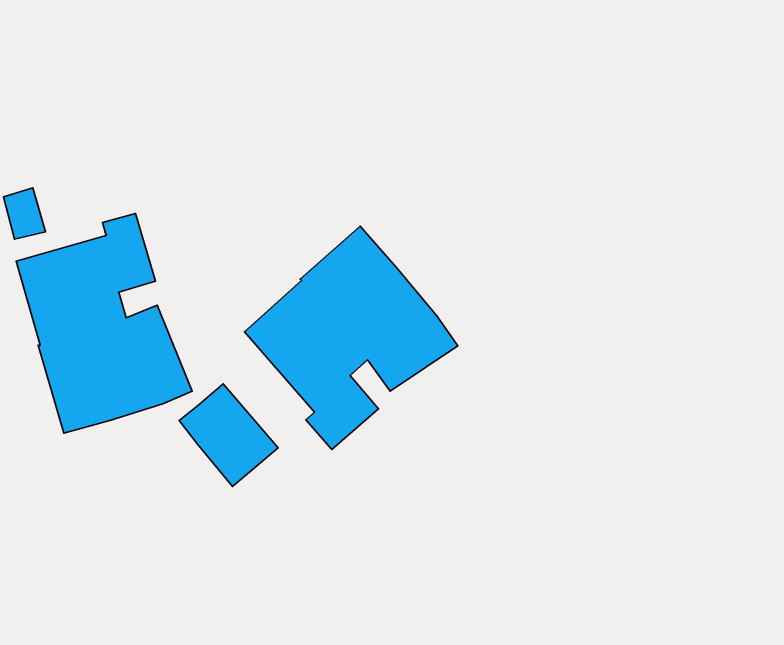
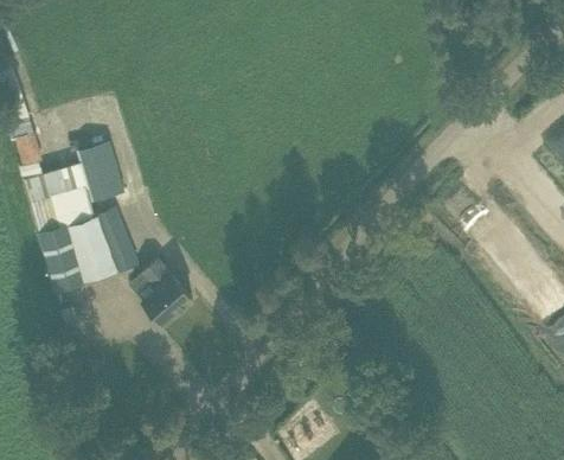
building: [245,226,458,449] -> none

